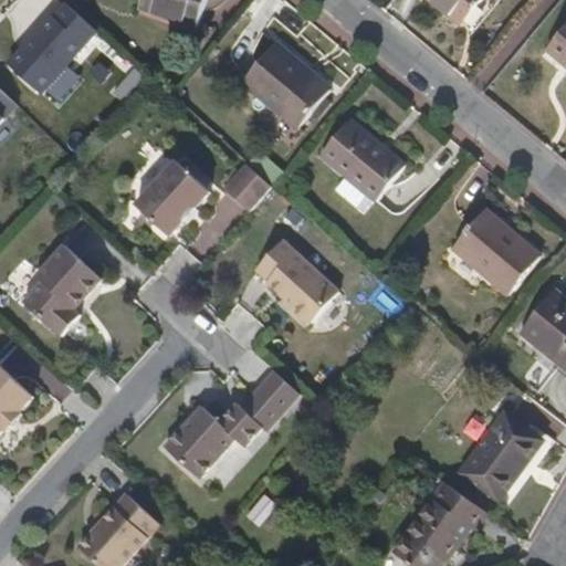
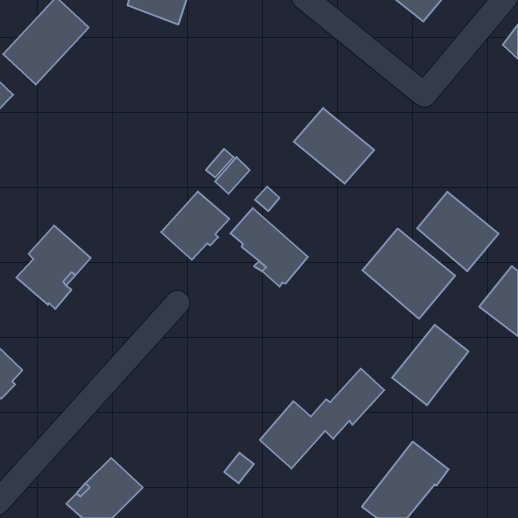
building: [241,40,329,126] -> none
building: [130,161,205,235] -> [161,191,229,260]
building: none -> [362,229,455,319]
building: [166,370,301,479] -> [260,369,384,469]
building: [459,412,542,500] -> [392,325,468,405]

